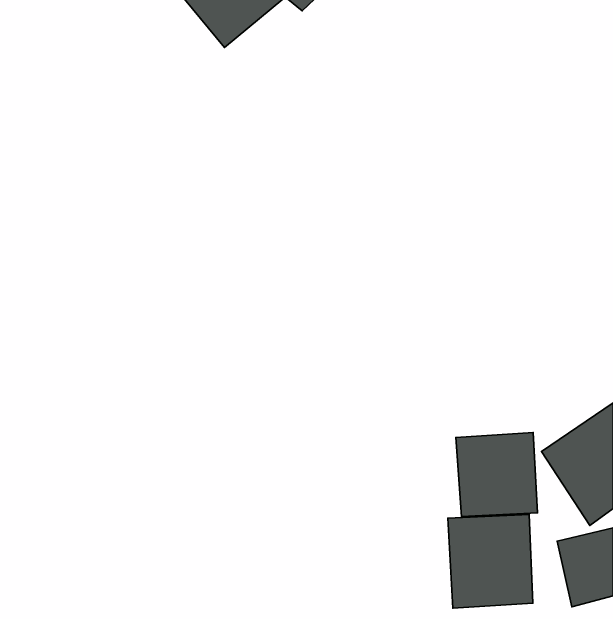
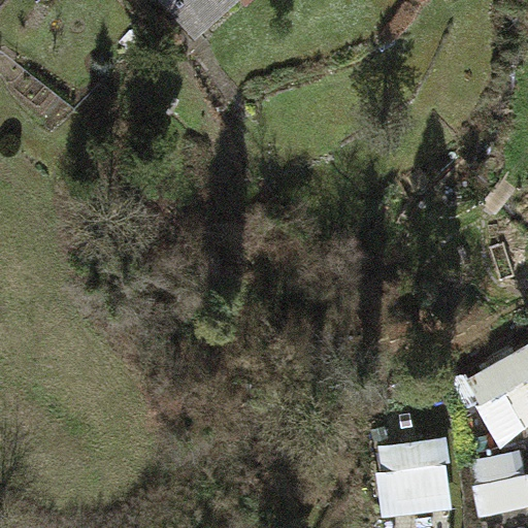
building: [456,433,538,517] -> none

